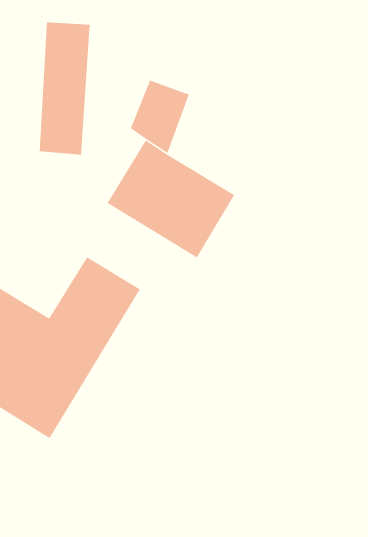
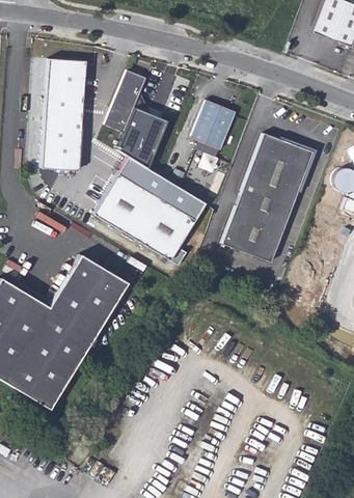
building: none -> [106,71,148,134]
building: none -> [190,103,235,155]
building: none -> [218,133,309,261]

